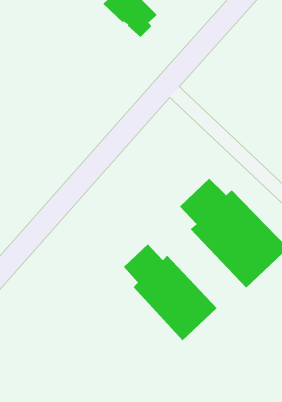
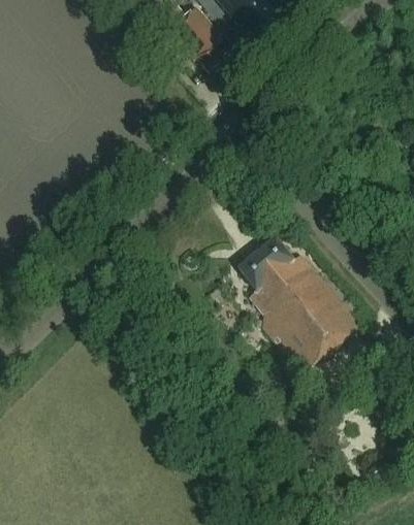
building: [123,244,217,341] -> none

